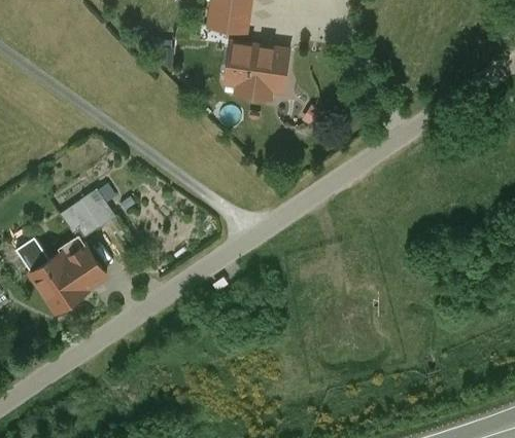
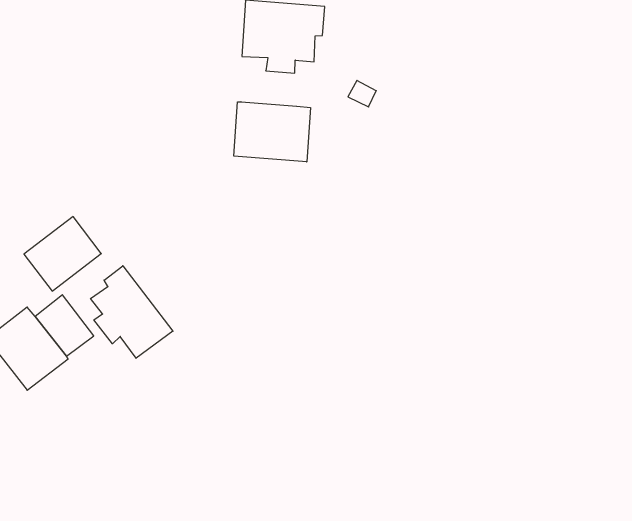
building: none -> [234,102,310,162]
building: none -> [91,266,173,358]

